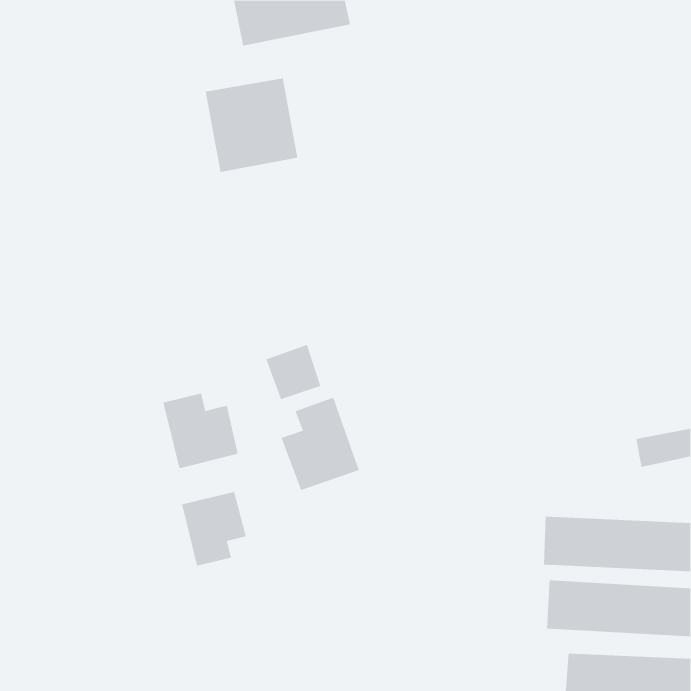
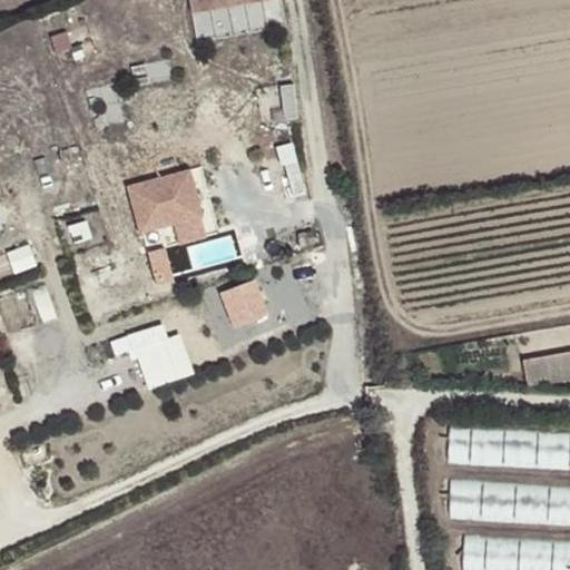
building: [205,78,298,173] -> [131,169,208,247]
building: [281,397,359,491] -> none
building: [182,491,247,567] -> none

